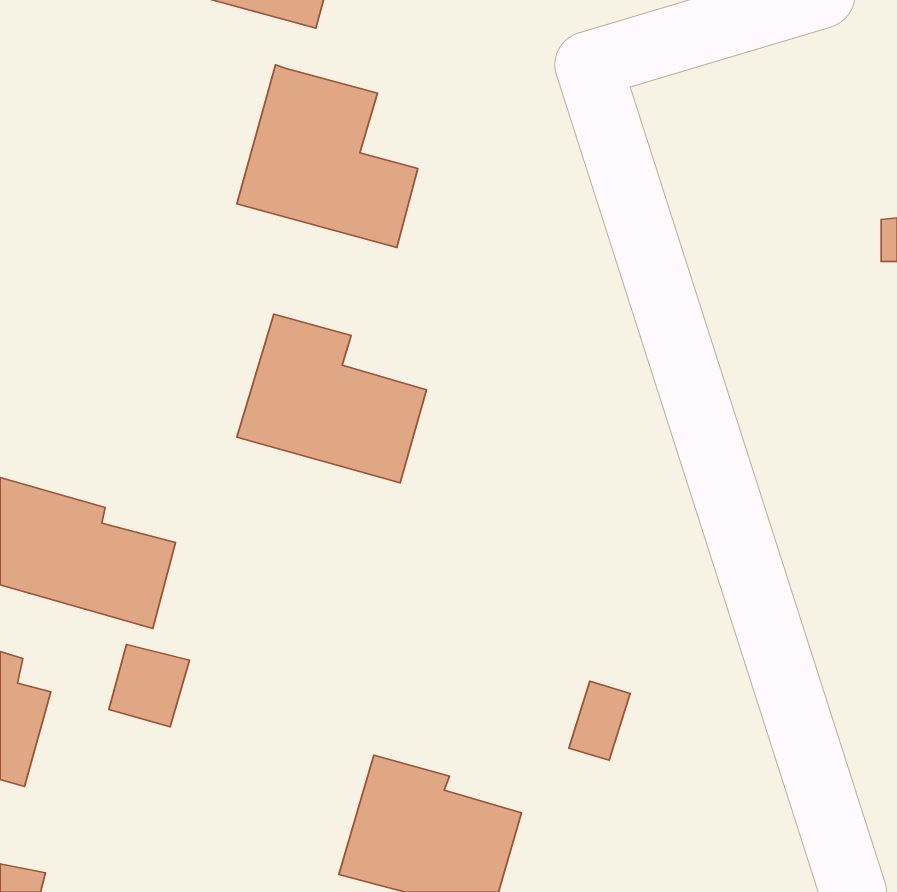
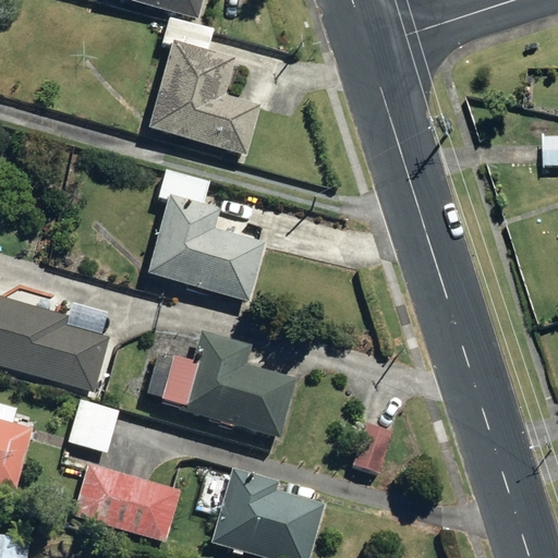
building: none -> [161,333,295,438]
building: none -> [74,464,179,541]

